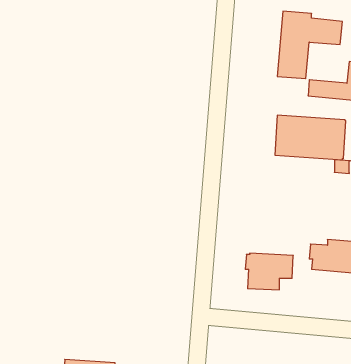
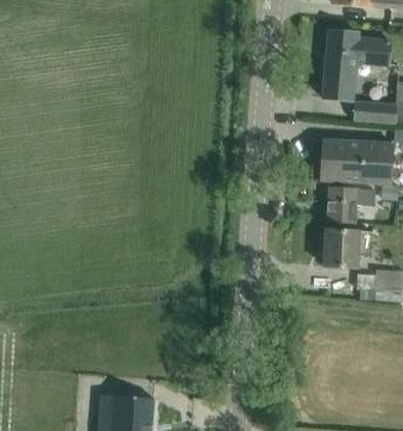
building: none -> [327,186,373,221]
building: [245,253,293,290] -> [321,229,371,267]

